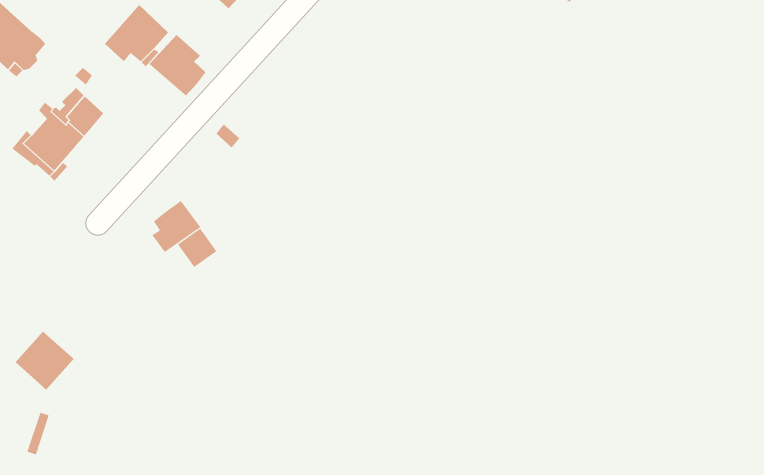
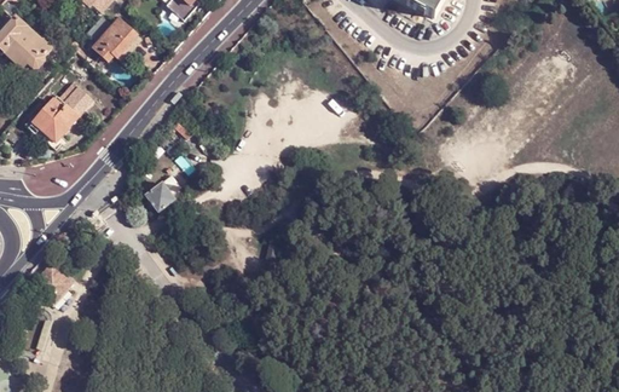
building: [149,34,206,97] -> none
building: [152,200,201,253] -> none

